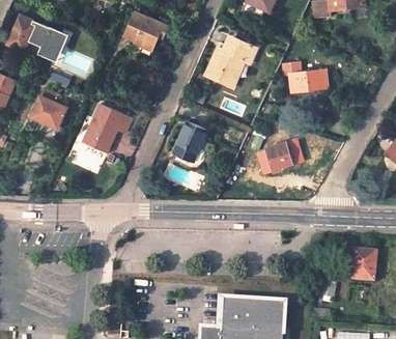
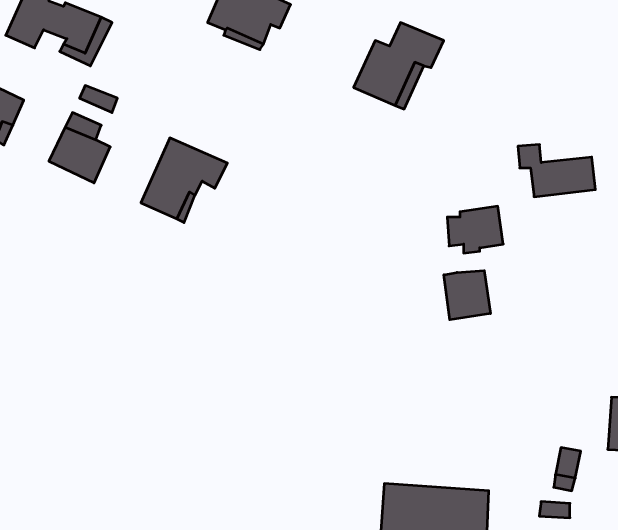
building: [283,60,328,90] -> [518,145,595,197]
building: [174,119,208,160] -> none
building: none -> [444,271,490,320]

